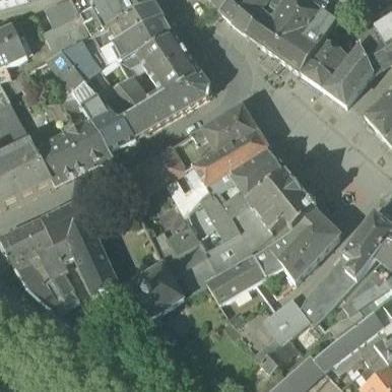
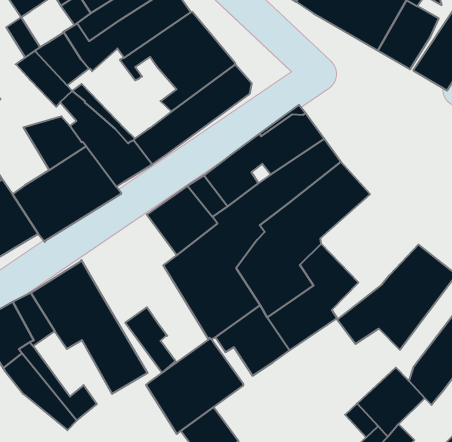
building: [114,76,153,112] -> none
building: [249,173,317,234] -> none
building: [41,247,73,293] -> [125,307,176,373]
building: [207,257,266,304] -> none

